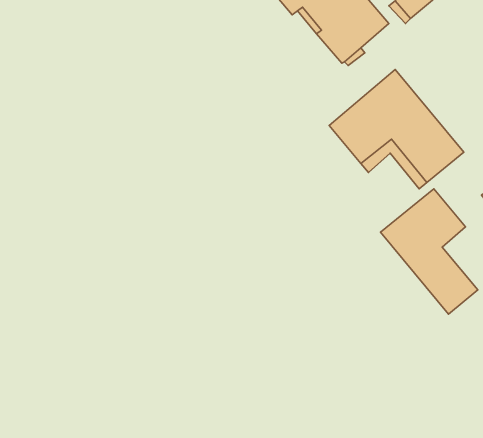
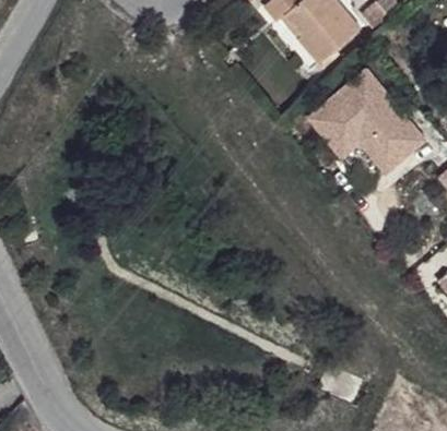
building: [381,189,478,314] -> none

